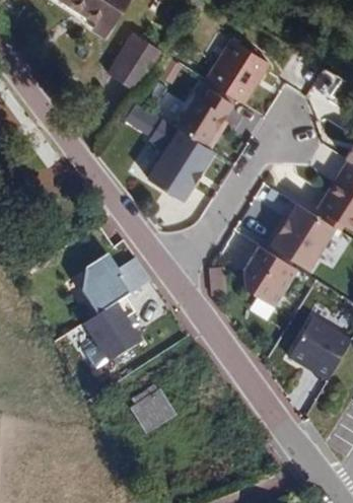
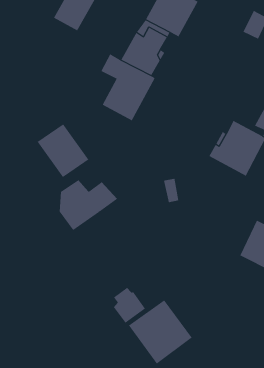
building: none -> [37,123,89,178]
building: [244,253,304,325] -> none
building: [86,306,145,366] -> none
building: none -> [128,300,193,364]

